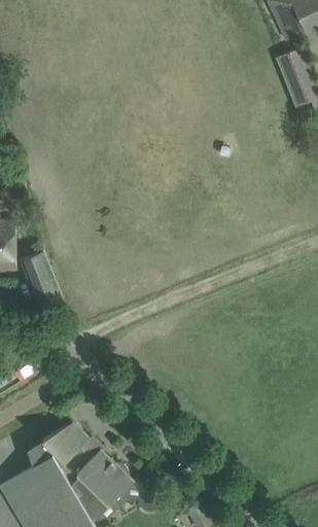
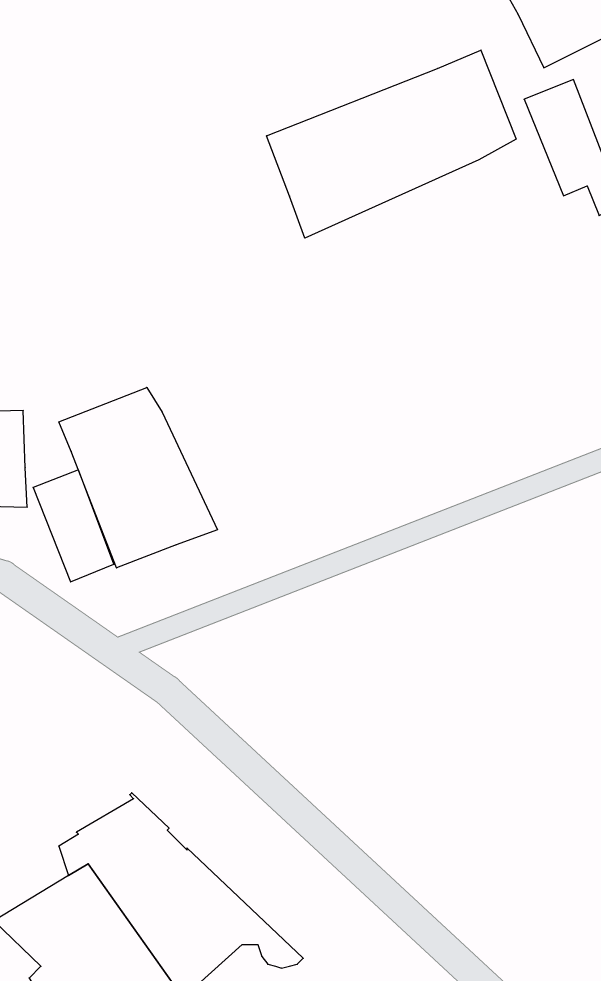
building: none -> [267,50,516,238]
building: none -> [59,387,217,568]

